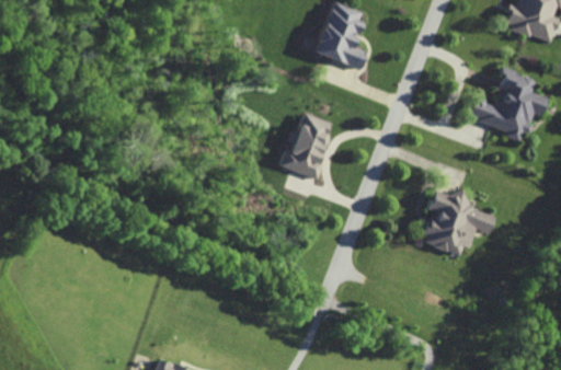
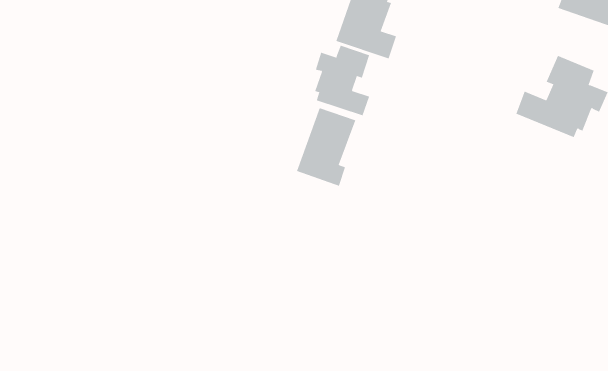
building: none -> [314,45,370,116]
building: [424,187,495,257] -> none

